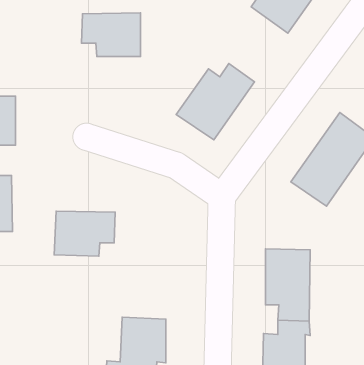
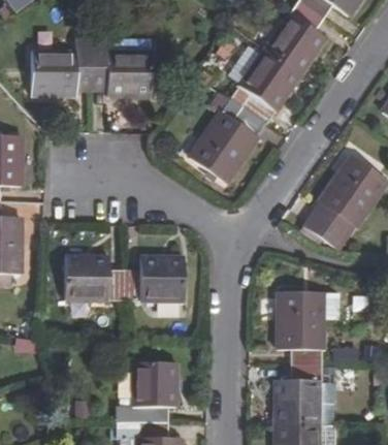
building: none -> [237,46,300,123]
building: none -> [32,53,92,96]
building: none -> [124,255,184,300]

